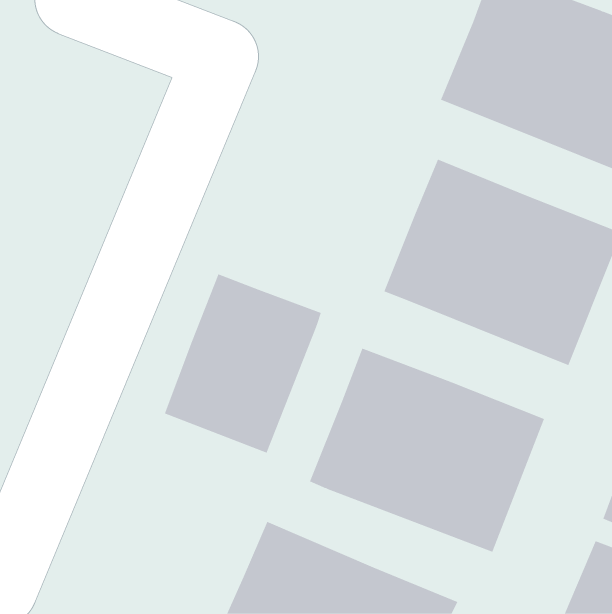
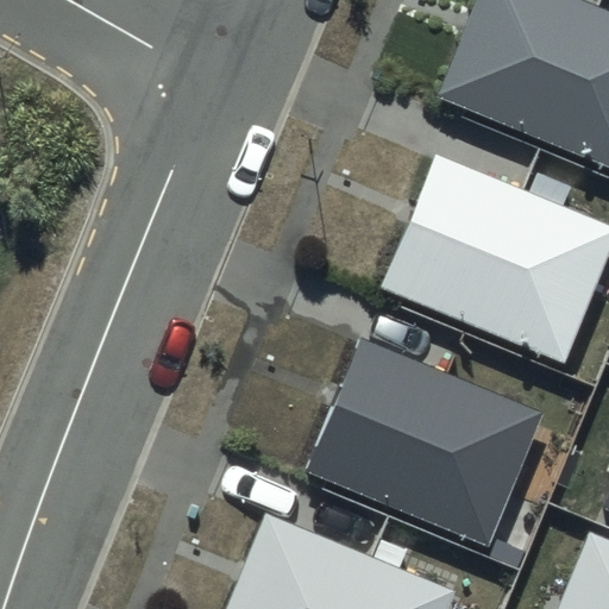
building: [164,273,322,454] -> none

